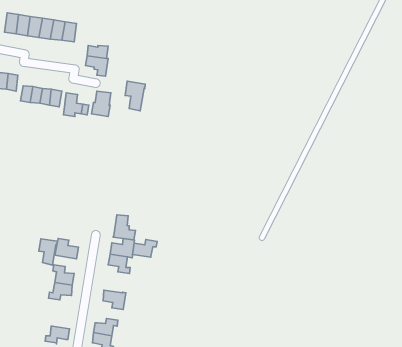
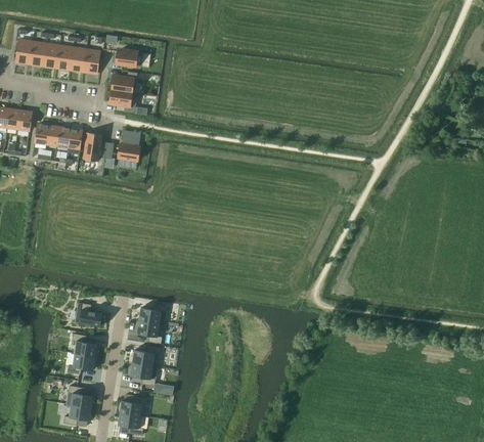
building: none -> [114,50,142,68]
building: [125,81,145,111] -> none
building: [113,215,135,240] -> none
building: [39,239,57,265] -> none
building: [133,240,157,257] -> [131,346,160,366]
building: none -> [65,386,93,408]

